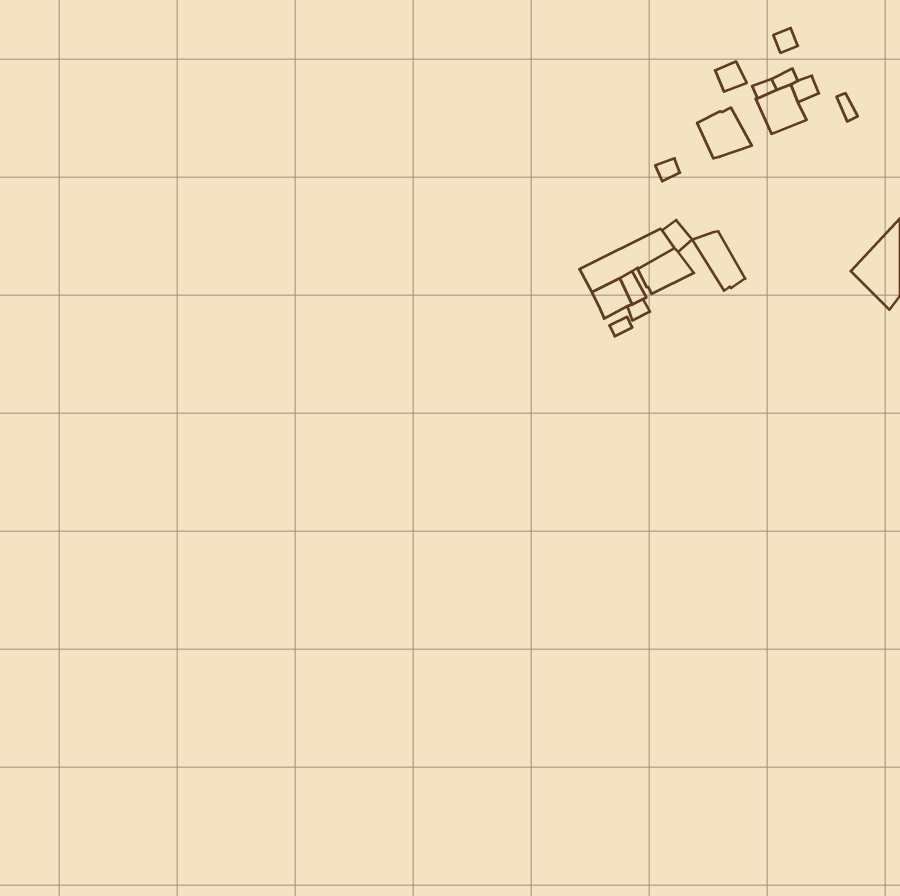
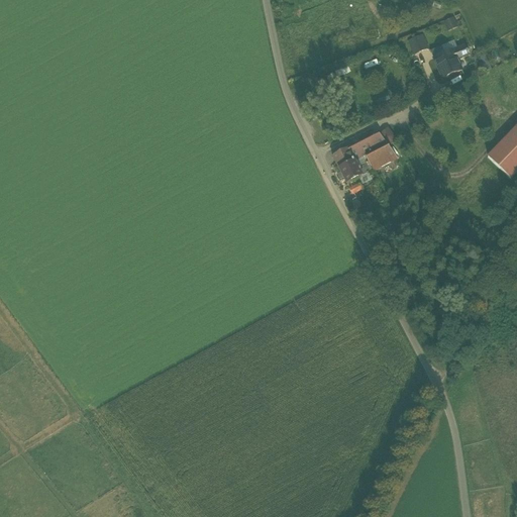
building: [697,108,752,158] -> none
building: [692,231,745,291] -> none

